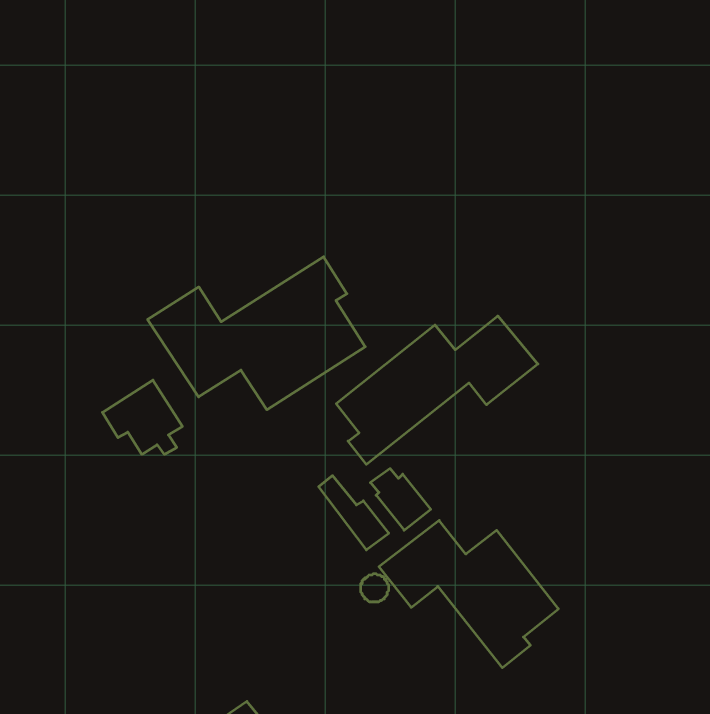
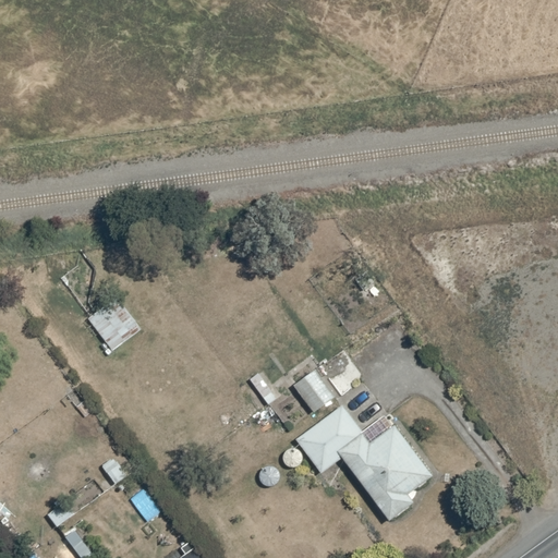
building: [148,257,365,410] -> none
building: [336,316,538,464] -> none

